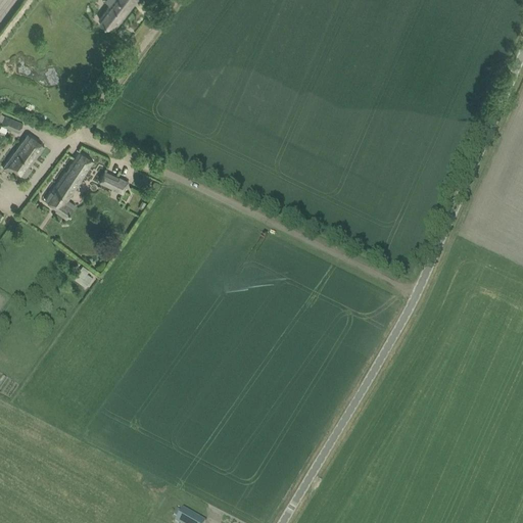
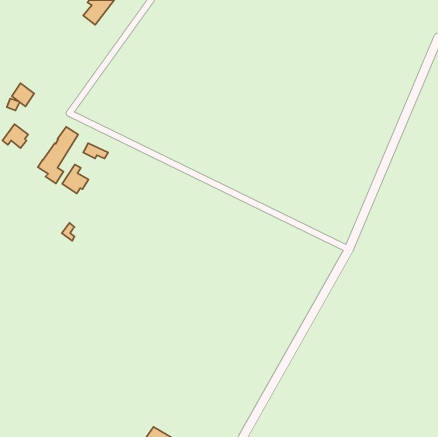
building: [17,134,44,161] -> [12,83,34,106]
building: none -> [62,165,88,194]

